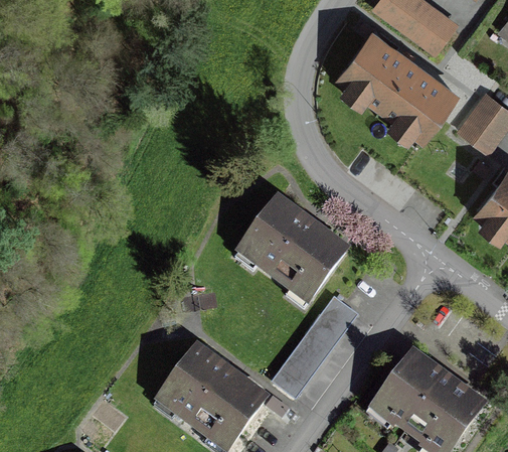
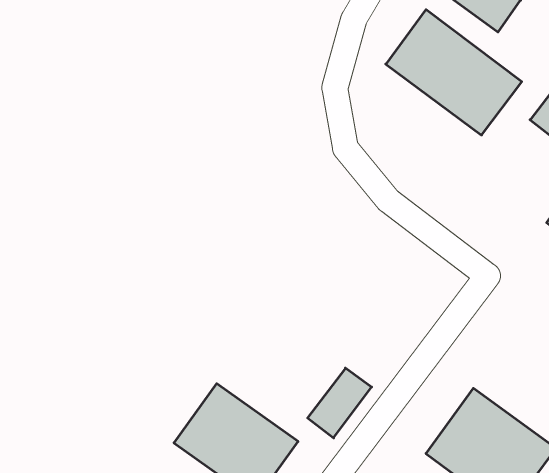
building: [238,200,344,302] -> none
building: [304,296,357,353] -> none

